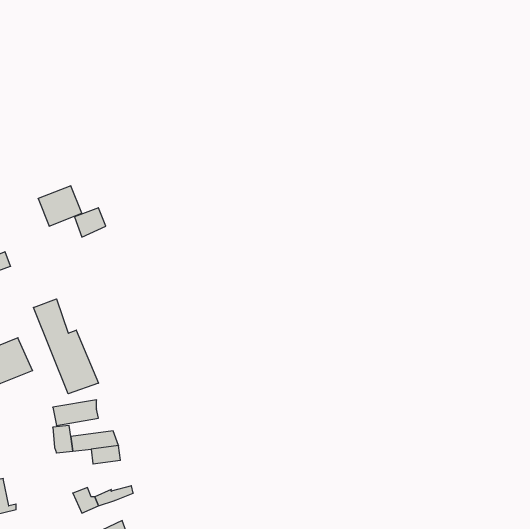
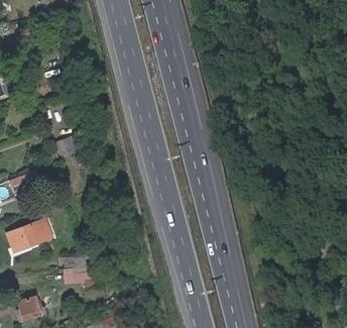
building: [33,299,98,394] -> none

